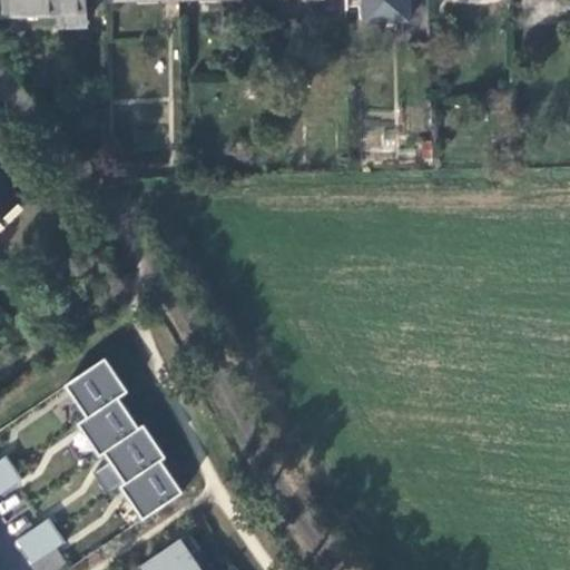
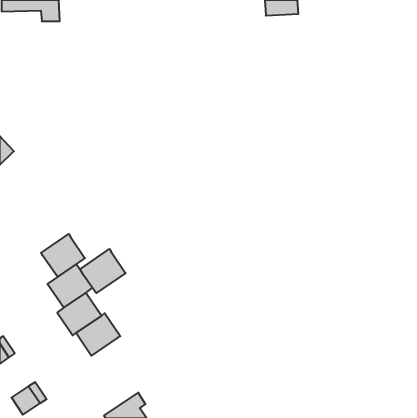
building: none -> [41,234,85,277]
building: none -> [80,249,126,293]
building: [120,461,181,520] -> none

